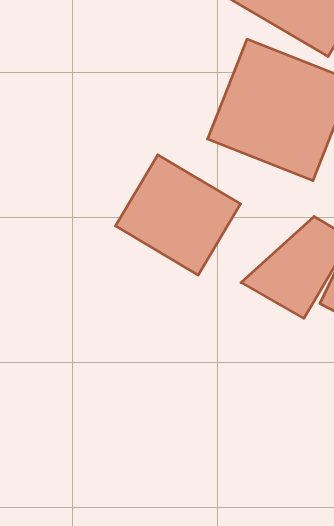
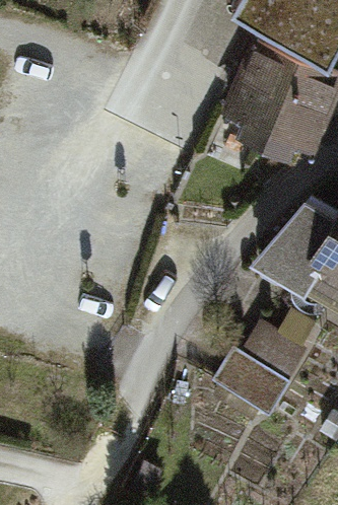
building: [115,155,241,275] -> none
building: none -> [232,304,316,403]

